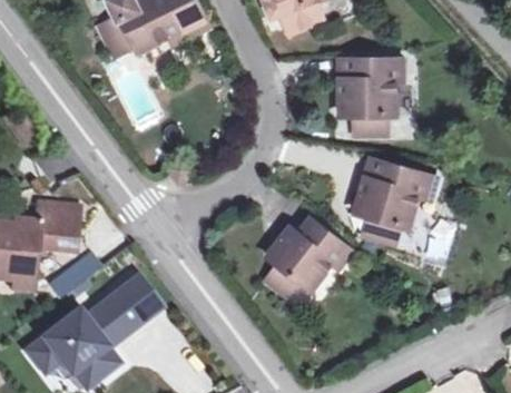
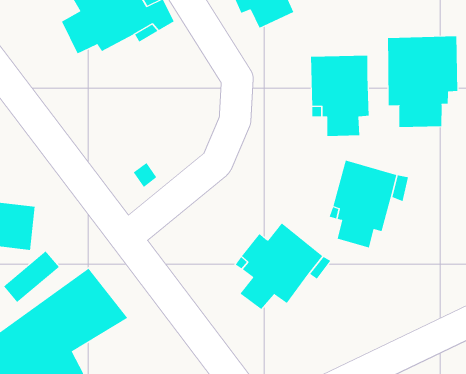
building: none -> [387,35,458,128]

